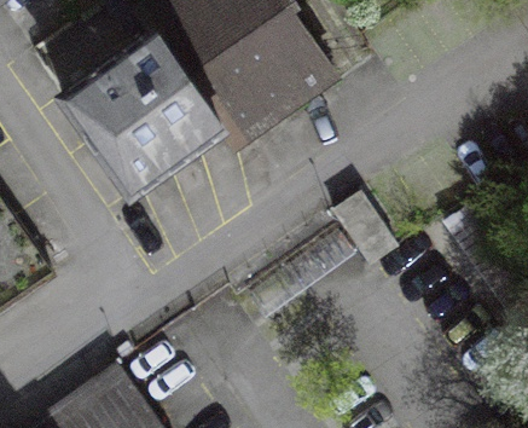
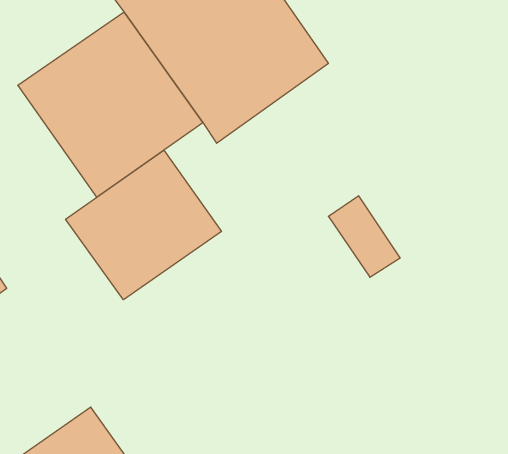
building: none -> [66,150,221,300]

